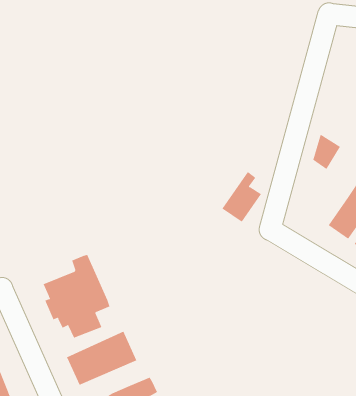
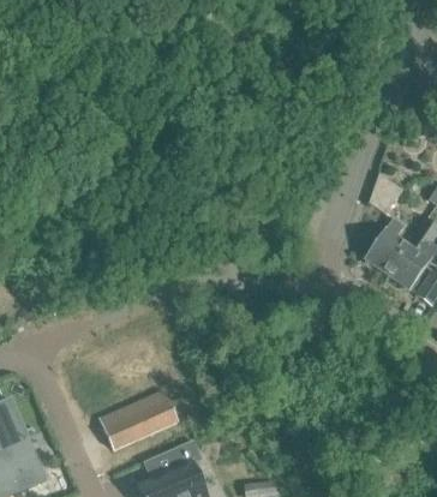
building: [221,171,262,223] -> [365,216,409,273]
building: [43,254,110,339] -> none

